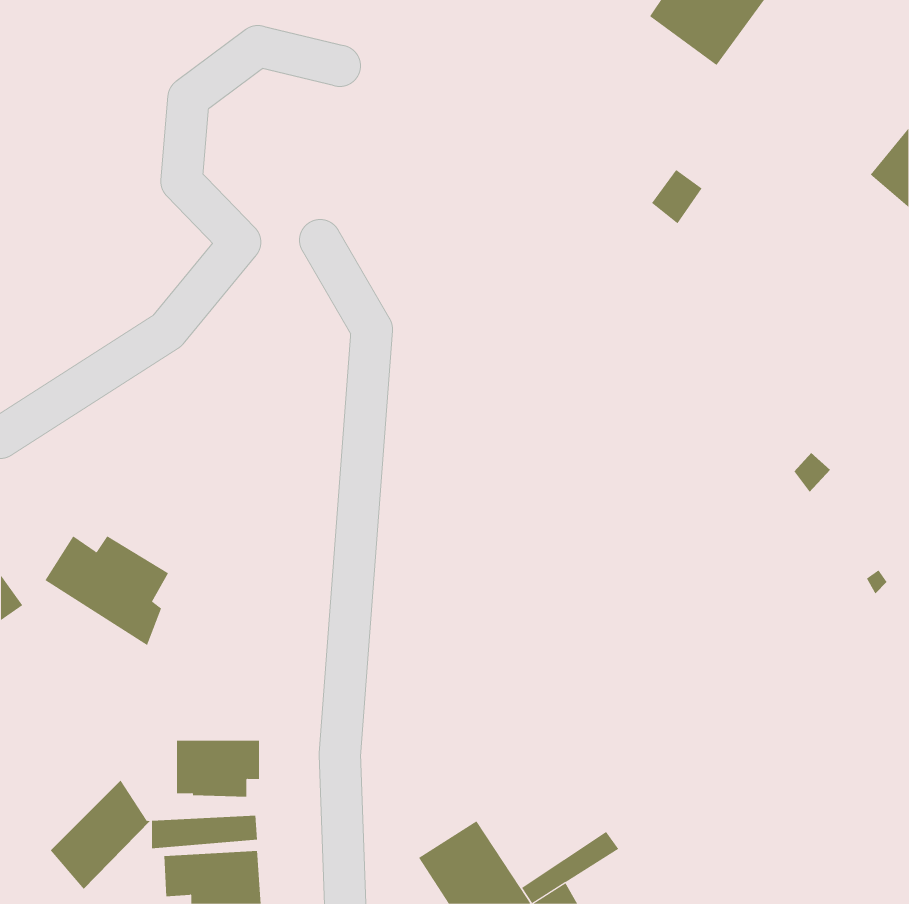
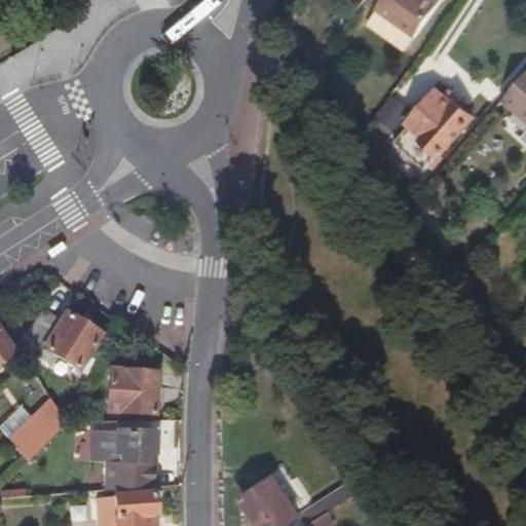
building: none -> [397,90,476,170]
building: none -> [104,366,155,412]
building: [50,779,151,890] -> [7,396,66,459]

